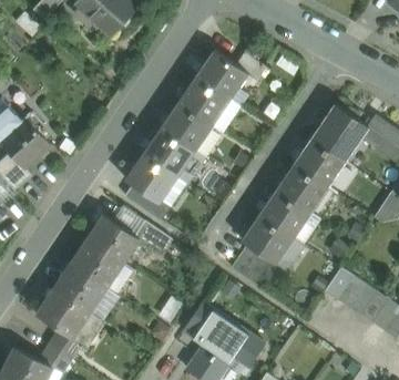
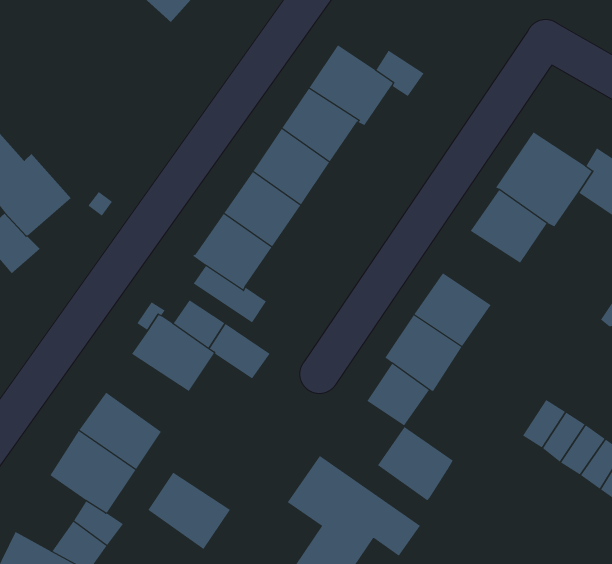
building: [278,165,326,210] -> none
building: [72,240,123,288] -> [148,472,231,550]
building: none -> [377,426,453,501]

